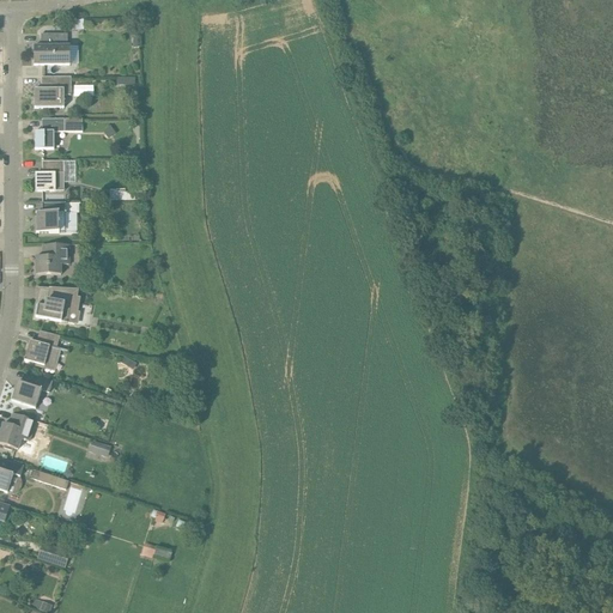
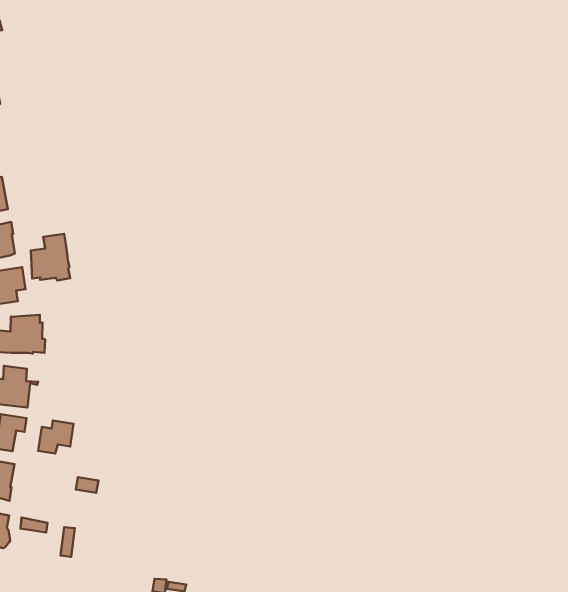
building: none -> [31,234,70,280]
building: none -> [38,421,74,453]

